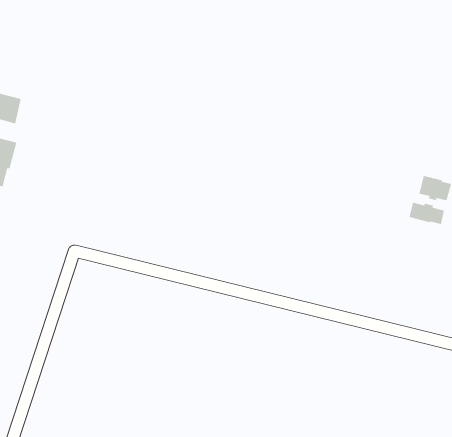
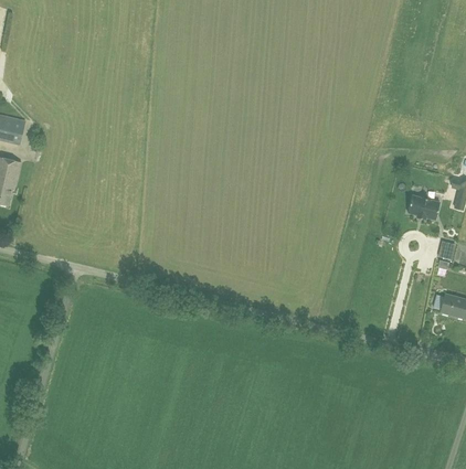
building: [409,202,444,225] -> none

